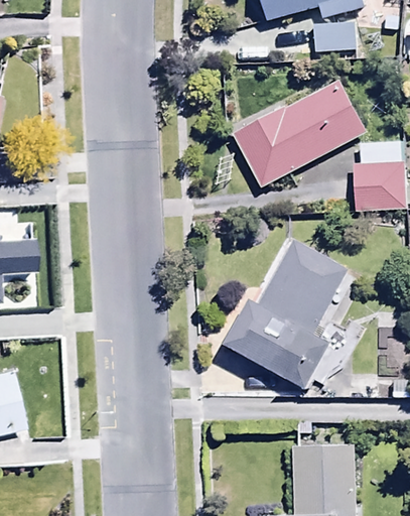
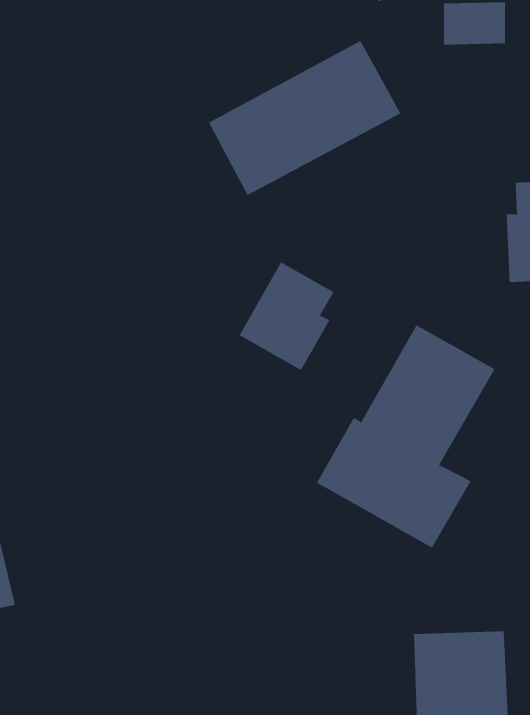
building: [236,82,366,186] -> [208,40,401,196]
building: none -> [239,261,334,371]

